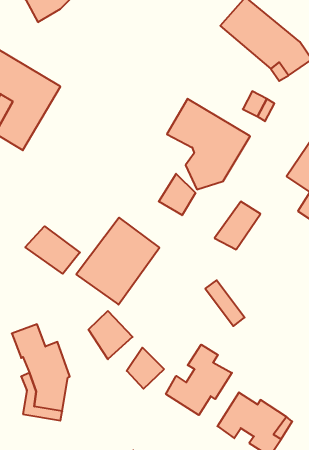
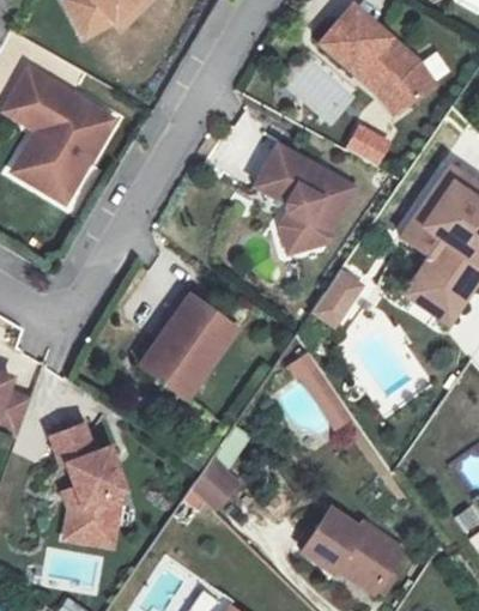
building: [159,174,195,215] -> none
building: [25,226,80,274] -> none
building: [89,311,133,359] -> none
building: [166,345,232,415] -> none

